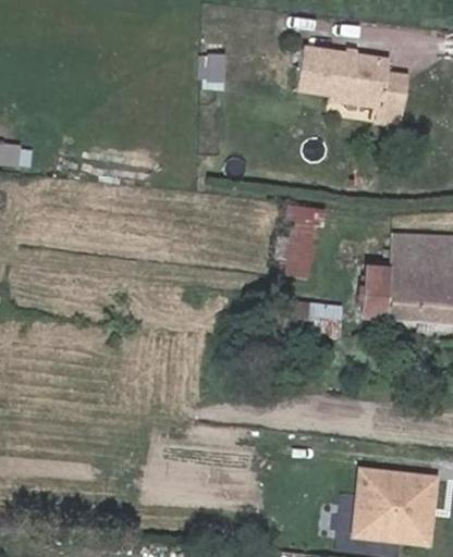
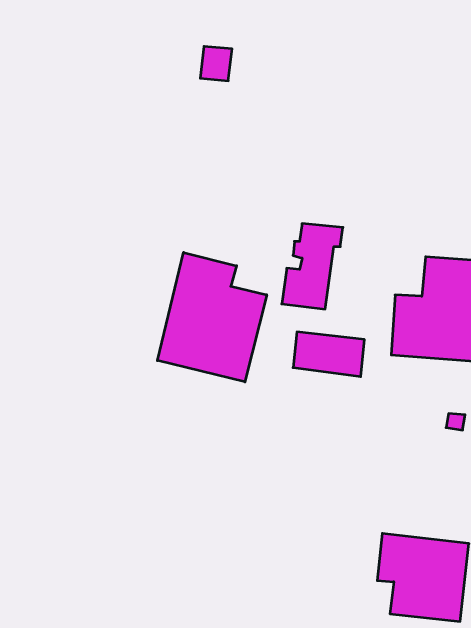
building: [274,46,409,125] -> none
building: none -> [157,252,267,382]

